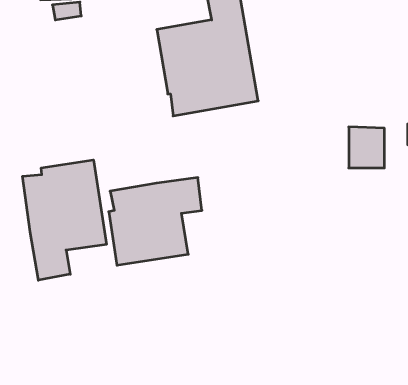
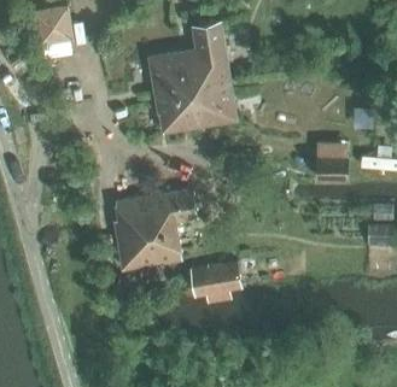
building: [23,160,106,280] -> none
building: none -> [192,264,241,307]

